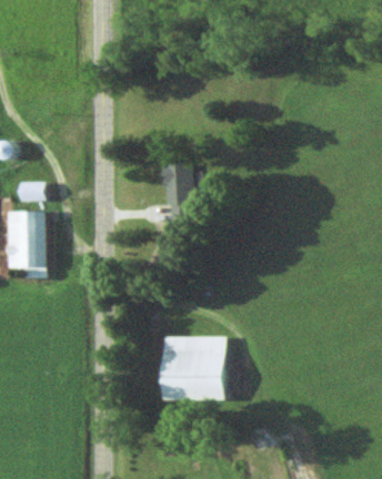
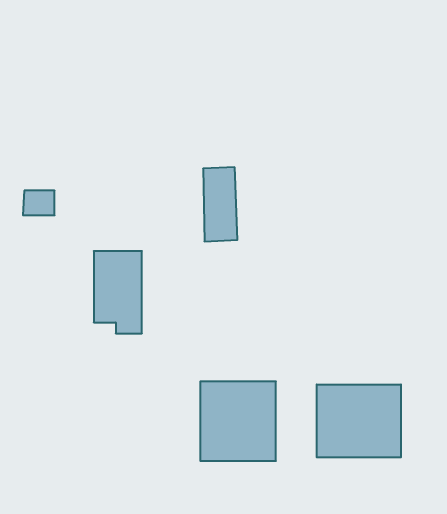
building: [7,211,46,277] -> [94,251,142,333]
building: none -> [317,384,401,457]

